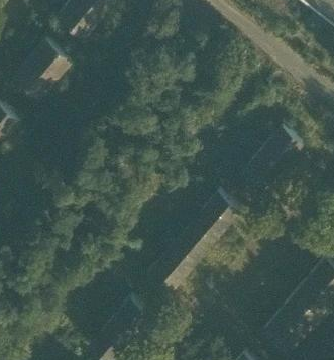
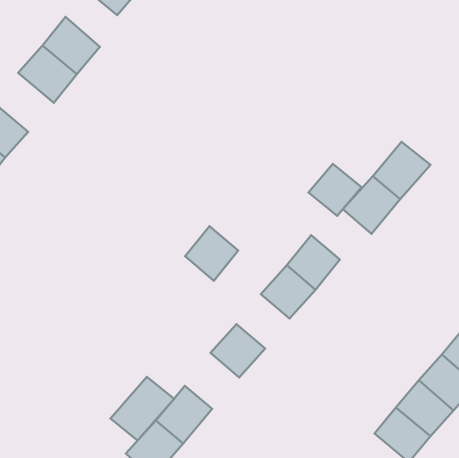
building: none -> [308,164,362,216]
building: [169,232,206,270] -> [185,226,238,281]
building: none -> [110,377,174,440]

